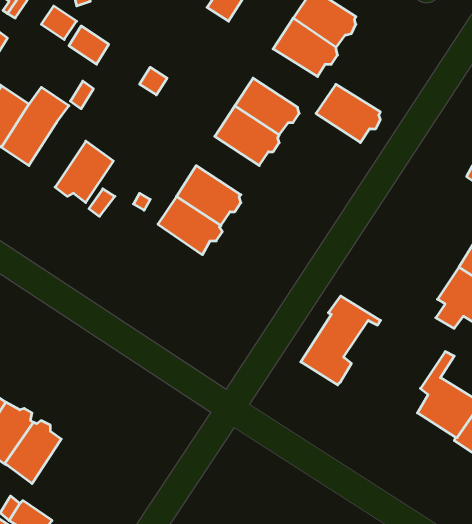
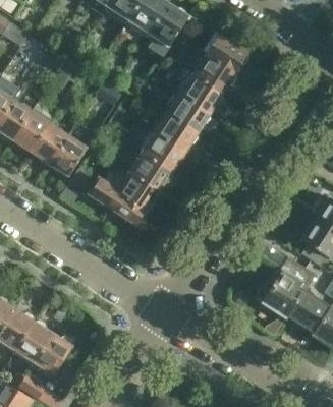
building: [316,84,380,143] -> [178,73,221,112]
building: none -> [30,122,67,165]
building: none -> [141,131,183,170]
building: none -> [89,179,145,223]
building: [301,296,381,385] -> [261,257,314,316]
building: none -> [31,332,70,375]

